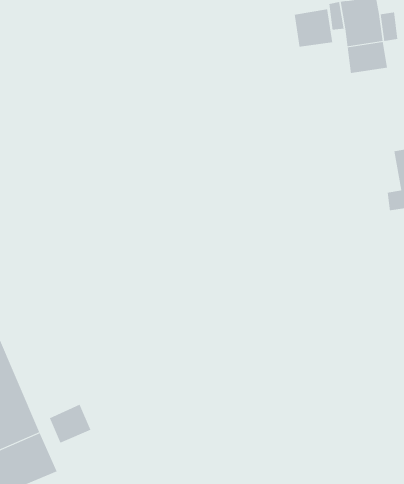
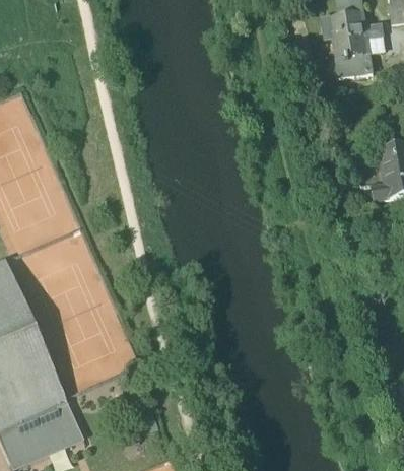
building: [294,8,333,47] -> none
building: [49,404,91,443] -> none

